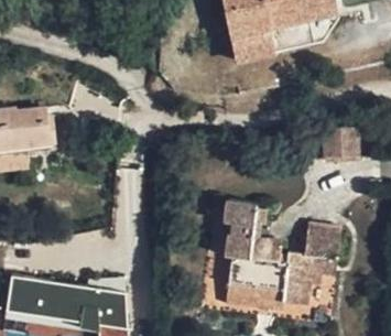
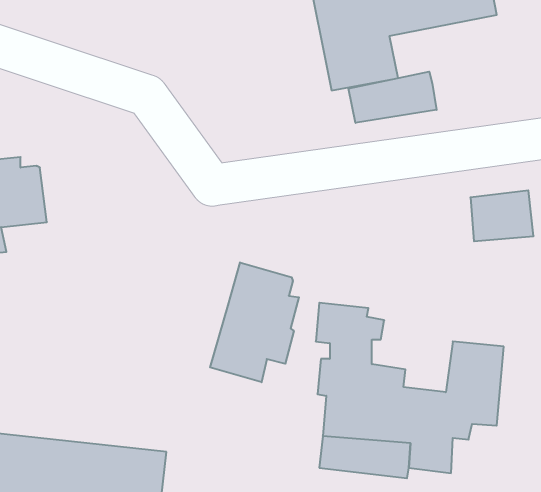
building: none -> [349,72,437,123]
building: none -> [210,262,299,382]

